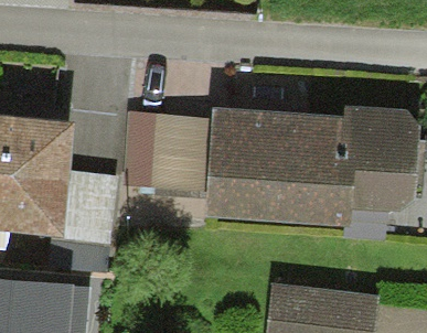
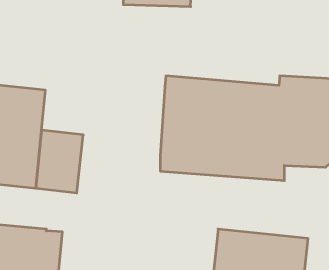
building: [122,111,211,198] -> none

